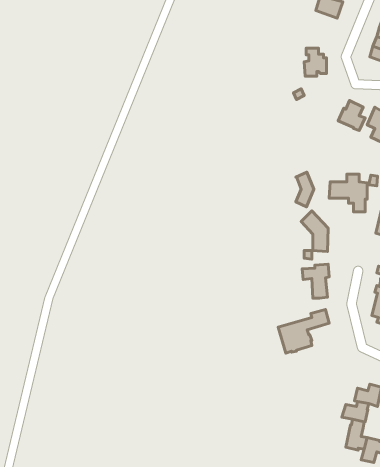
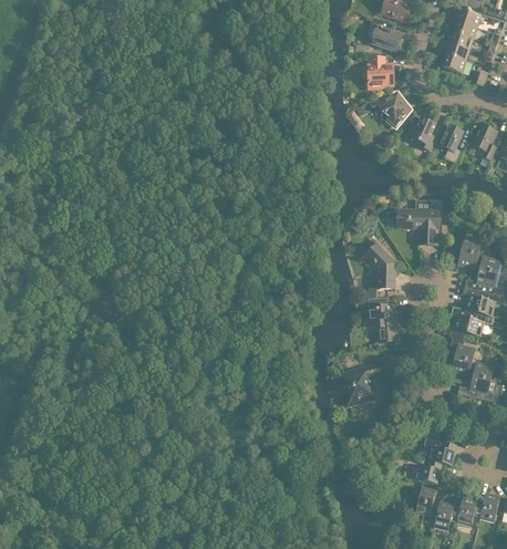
building: none -> [369,17,403,51]
building: none -> [369,92,411,126]
building: [296,172,314,207] -> none

